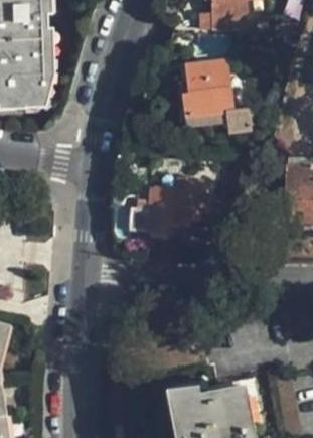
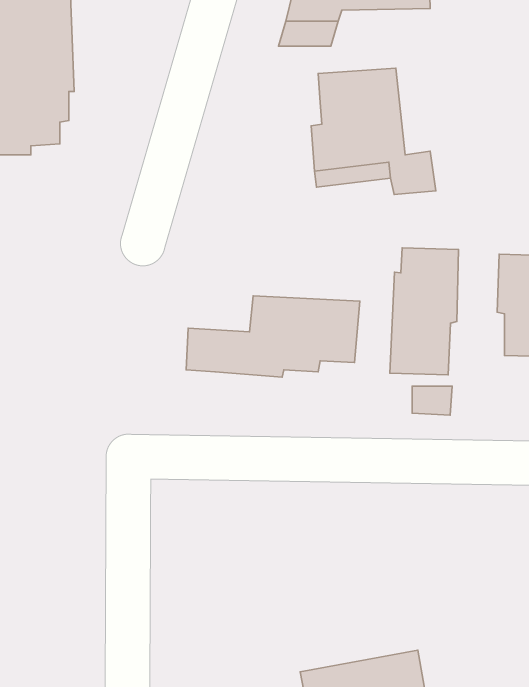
building: none -> [390,248,459,375]

